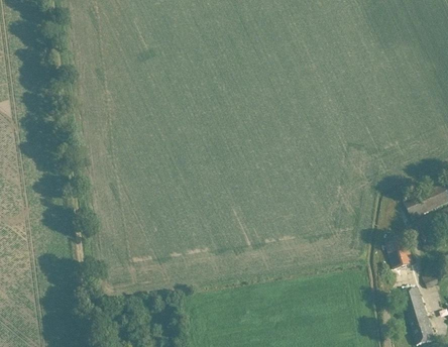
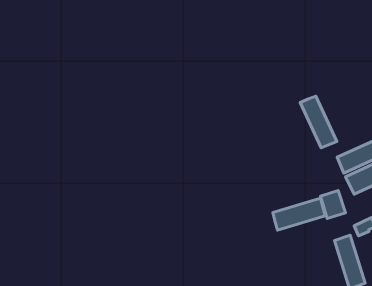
building: none -> [300,96,337,148]
building: none -> [273,198,325,230]

